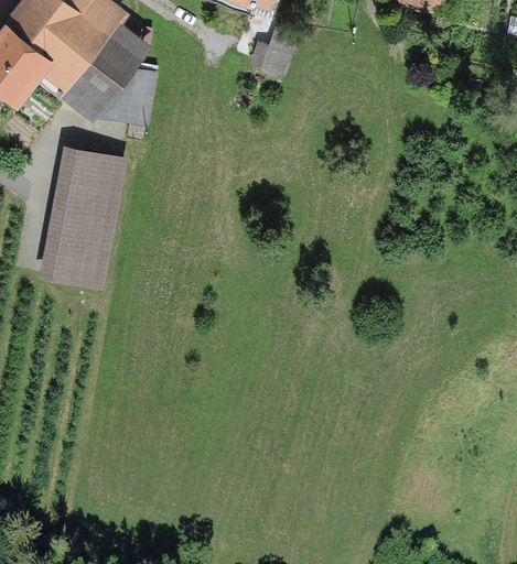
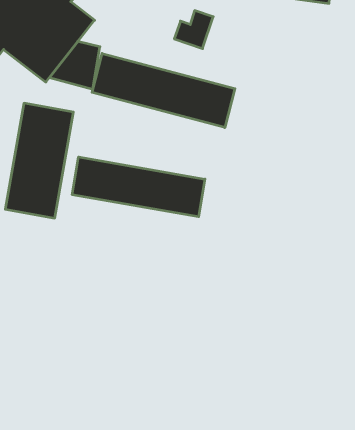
building: none -> [92,53,235,128]
building: none -> [72,157,205,217]

